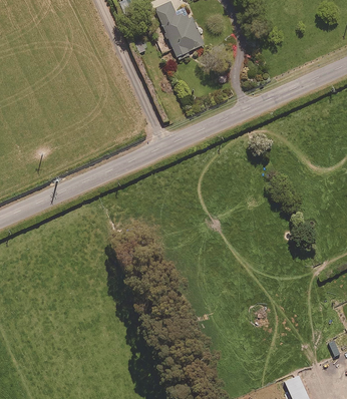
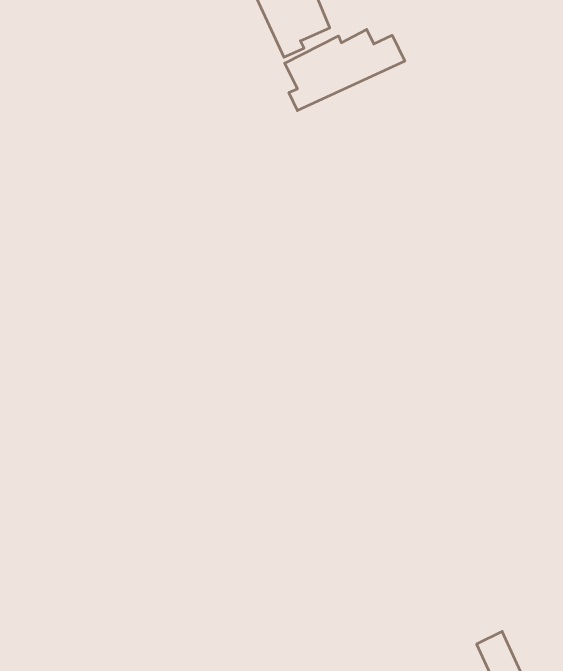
building: none -> [285,29,405,111]

